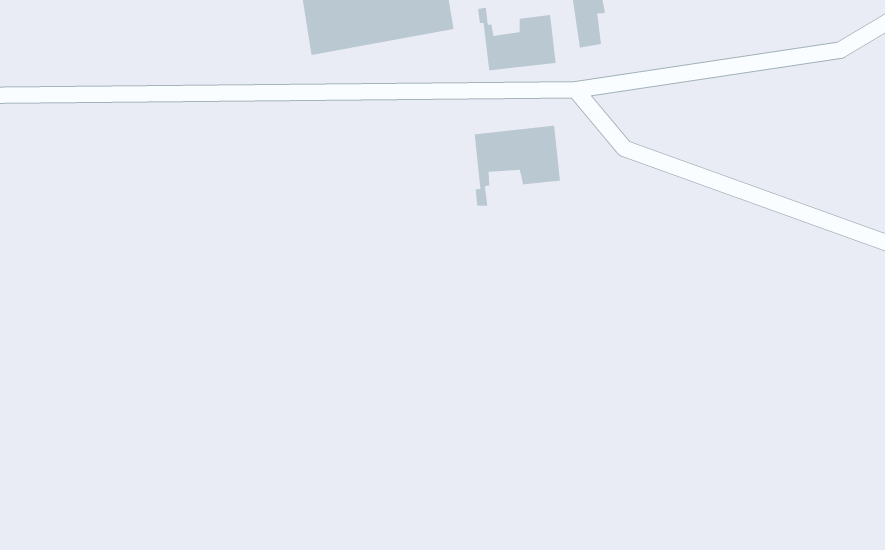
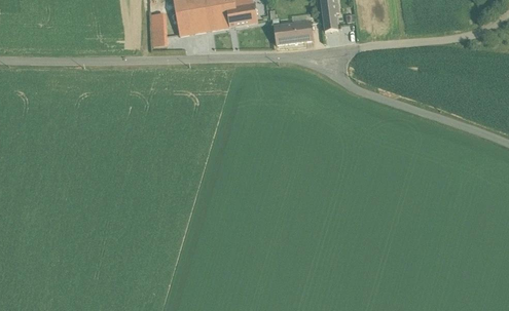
building: none -> [151,12,168,45]
building: [474,125,561,207] -> none

